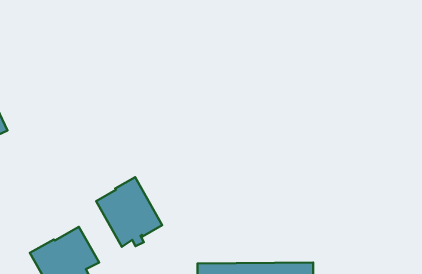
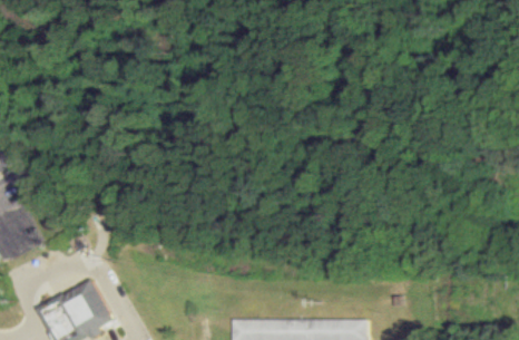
building: [96,177,162,247] -> none

